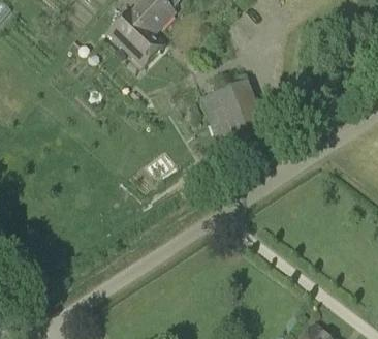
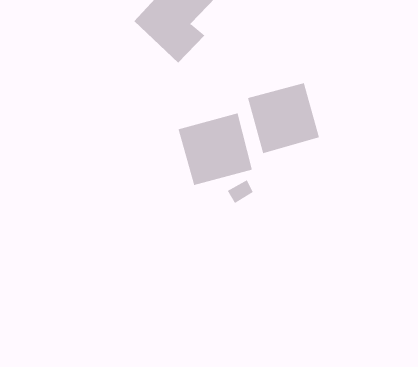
building: none -> [178,112,252,186]

